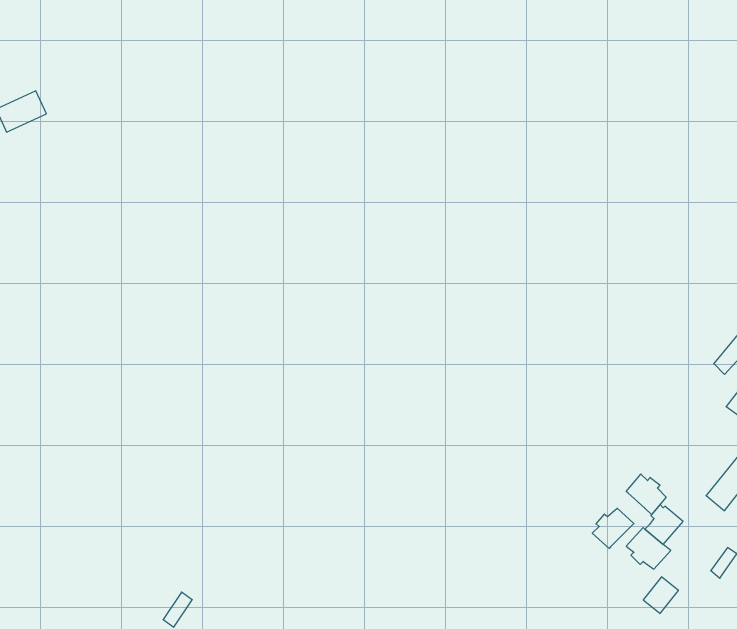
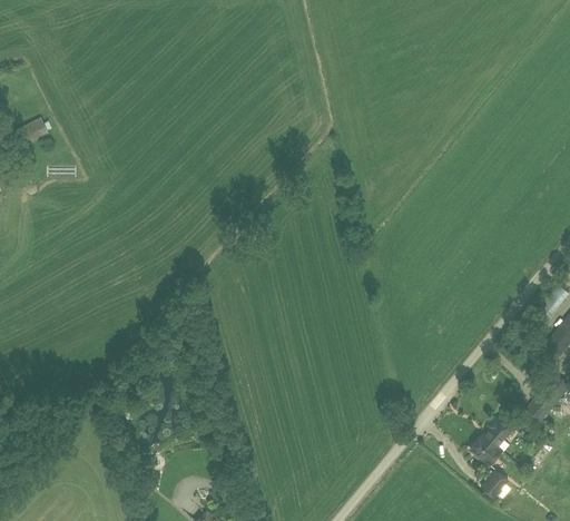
building: [626,474,666,515] -> none
building: [592,508,634,548] -> none

